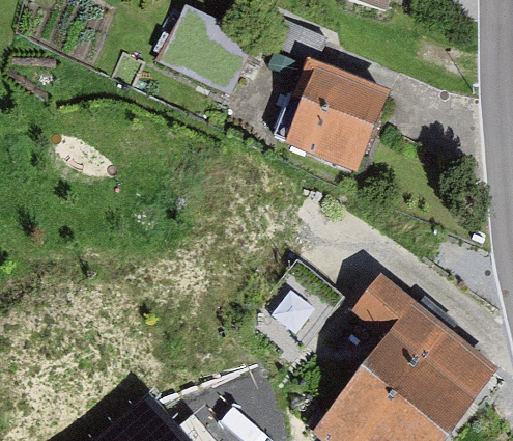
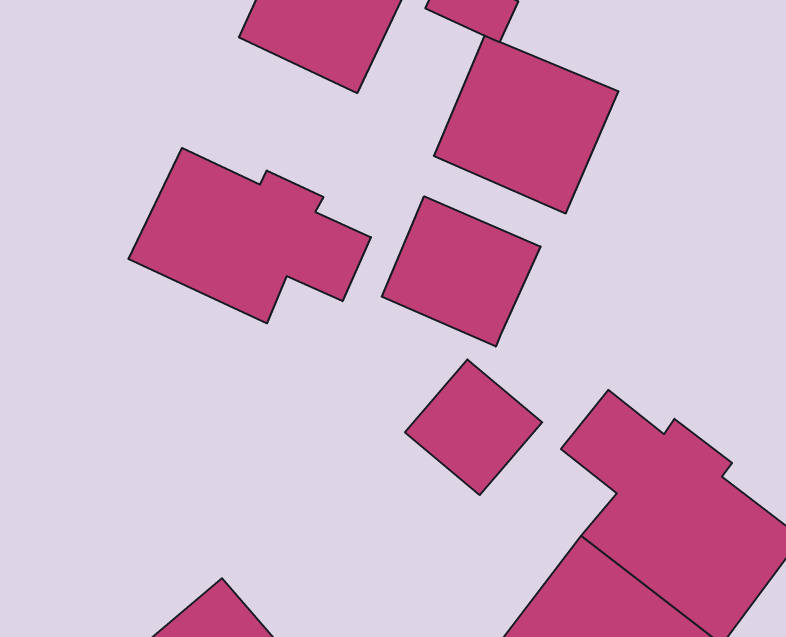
building: none -> [128,148,371,323]
building: none -> [382,196,541,347]

